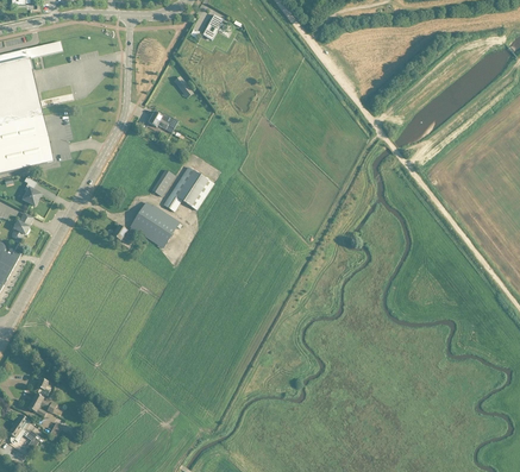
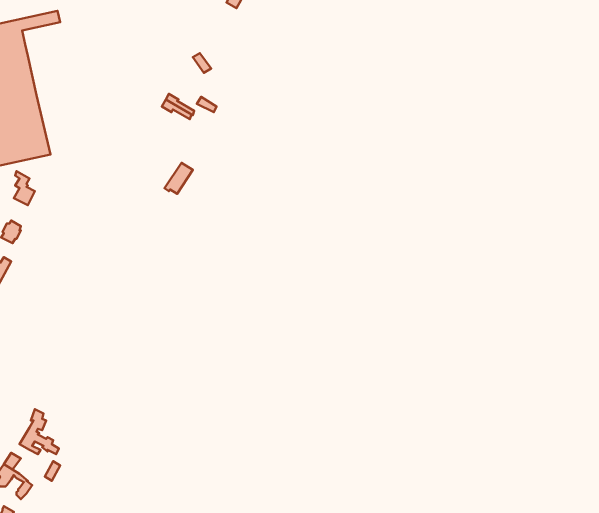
building: [163,166,213,210] -> none
building: [112,201,181,246] -> none

